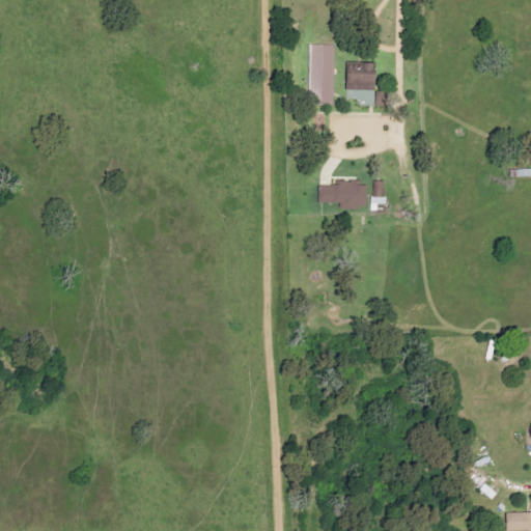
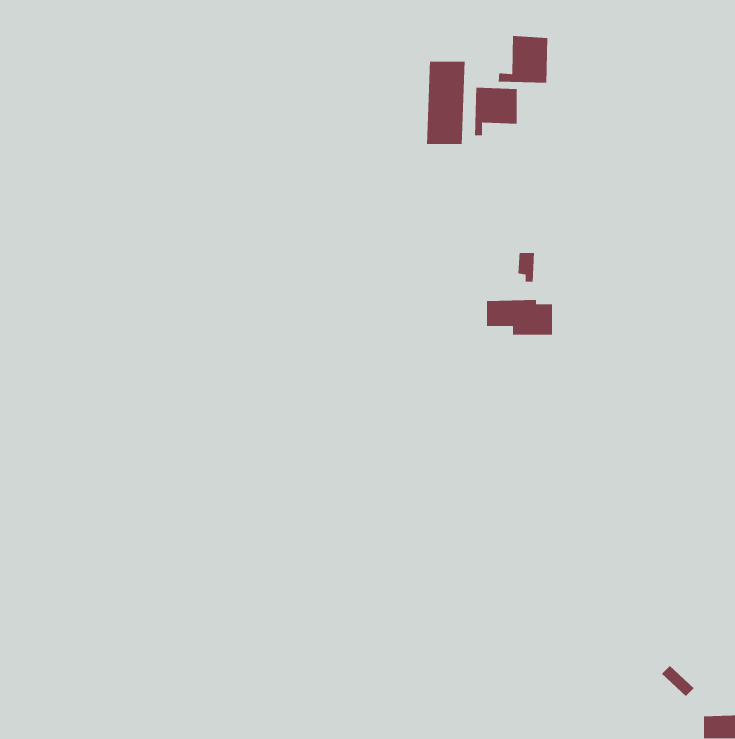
building: none -> [498,35,548,84]
building: [320,181,368,207] -> [486,299,553,335]

